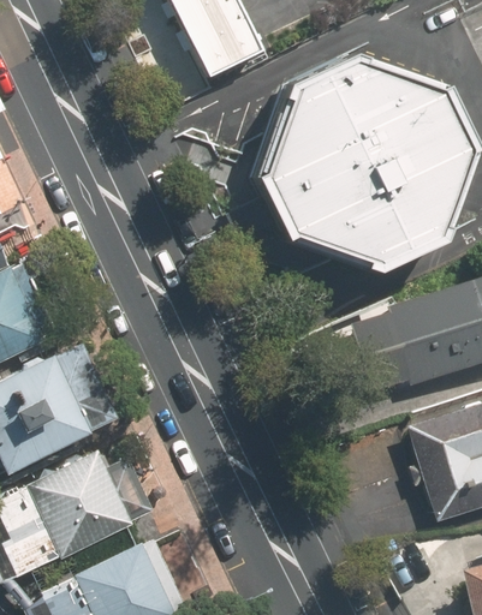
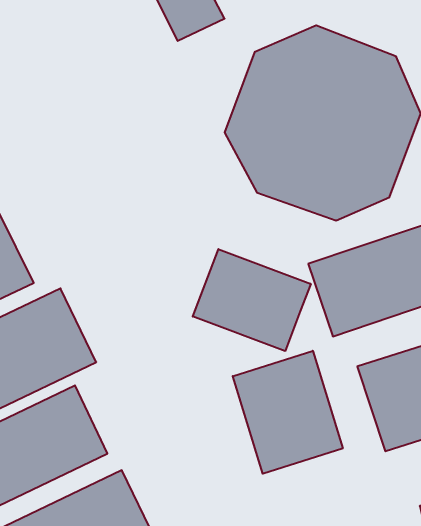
building: none -> [193,249,311,351]
building: none -> [233,351,343,474]

